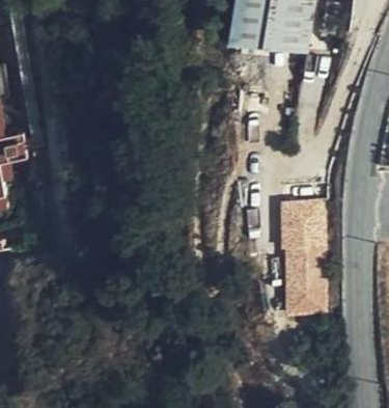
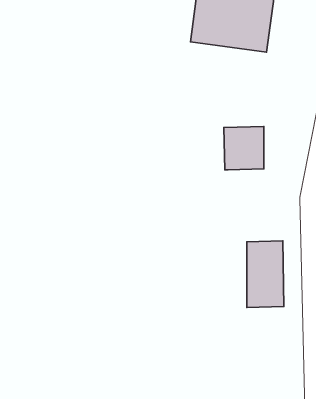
building: [283,202,324,246] -> [224,127,264,170]

